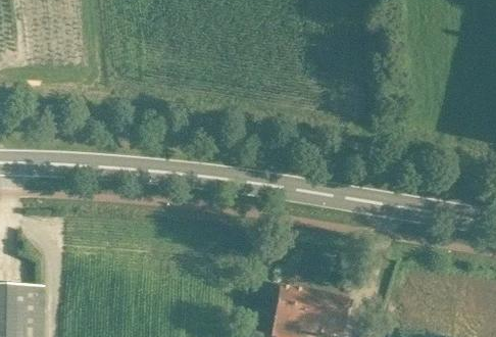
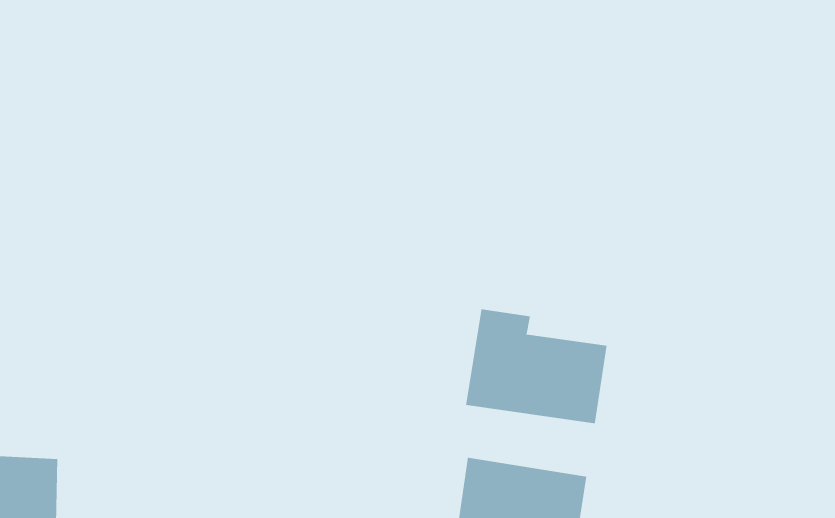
building: none -> [465,308,607,424]

